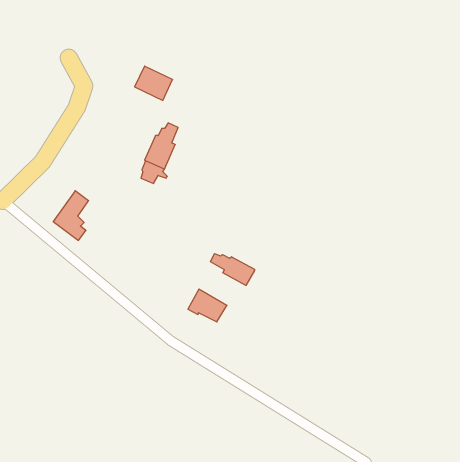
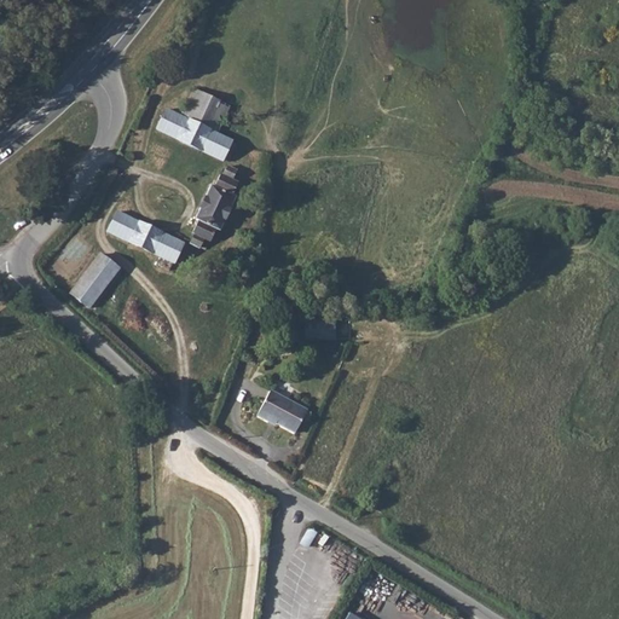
building: none -> [156,109,235,157]
building: none -> [111,210,187,265]
building: [210,254,255,285] -> none

